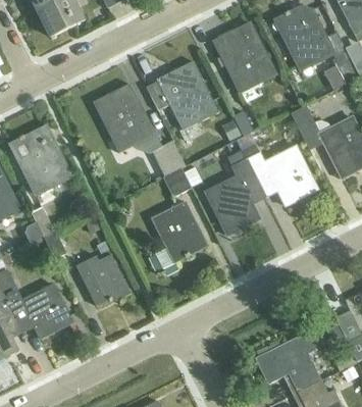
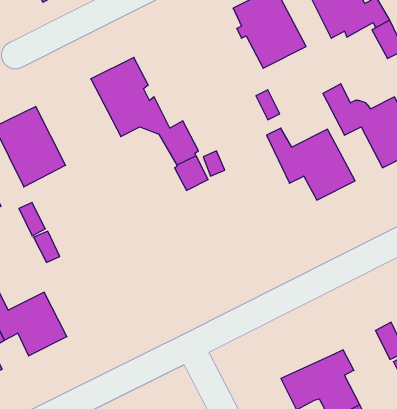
building: [146,61,218,129] -> none
building: [205,150,262,235] -> none
building: [154,202,207,267] -> none
building: [77,254,132,304] -> none

